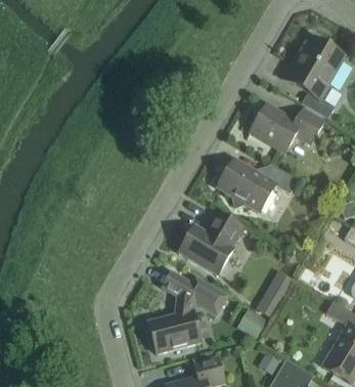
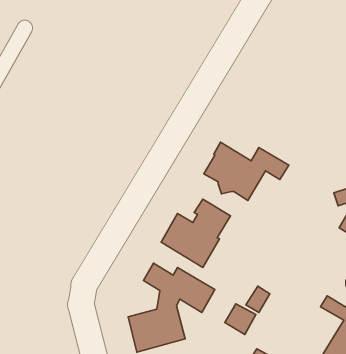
building: [281,36,344,117] -> none
building: [246,103,323,152] -> none

